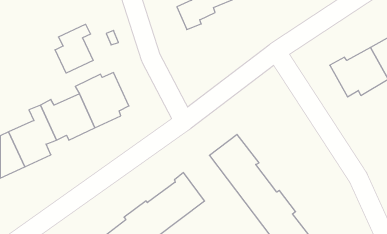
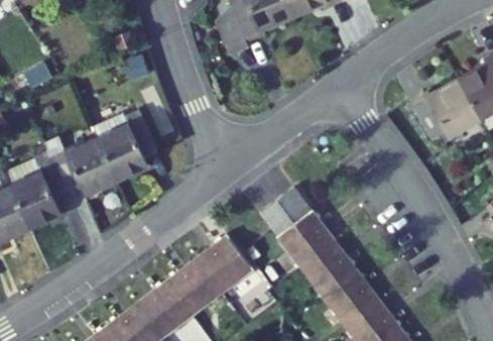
building: [55,24,93,73] -> none

